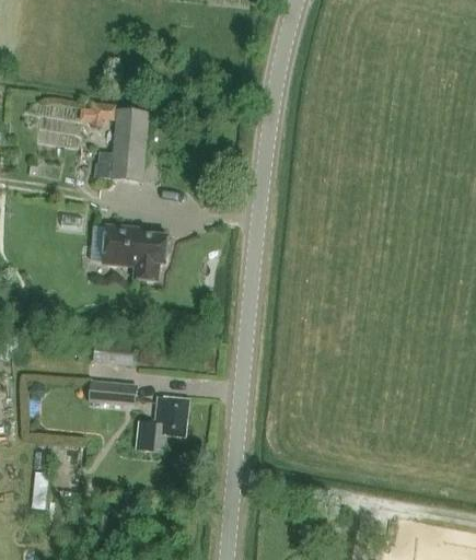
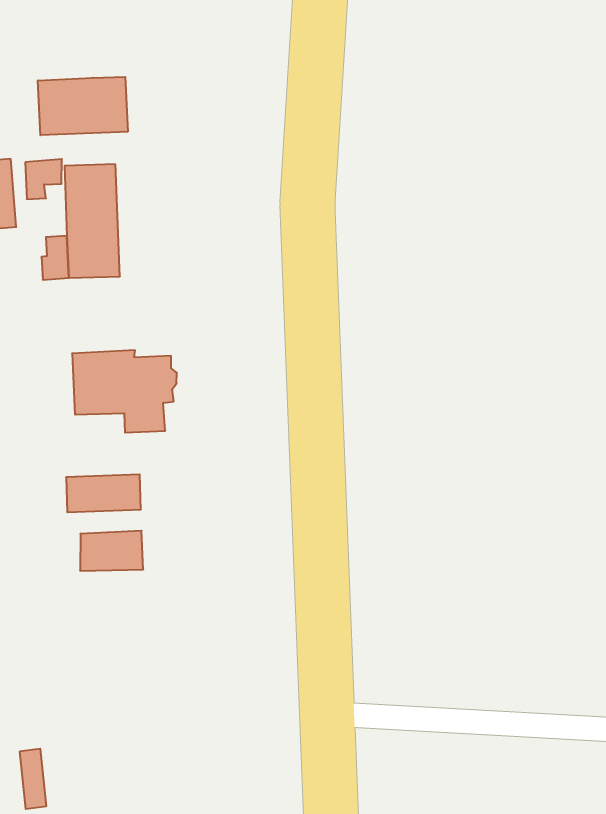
building: none -> [38,77,128,135]
building: [88,380,136,406] -> [66,474,141,512]
building: [136,396,188,452] -> none

